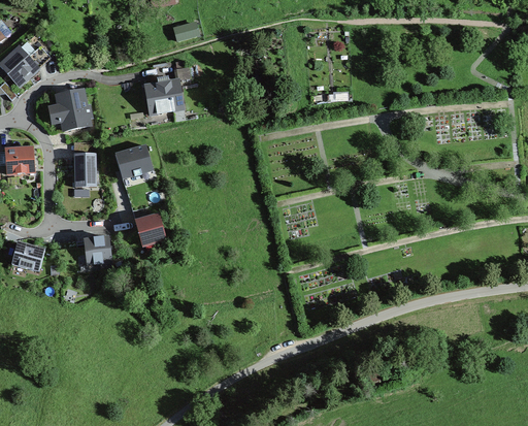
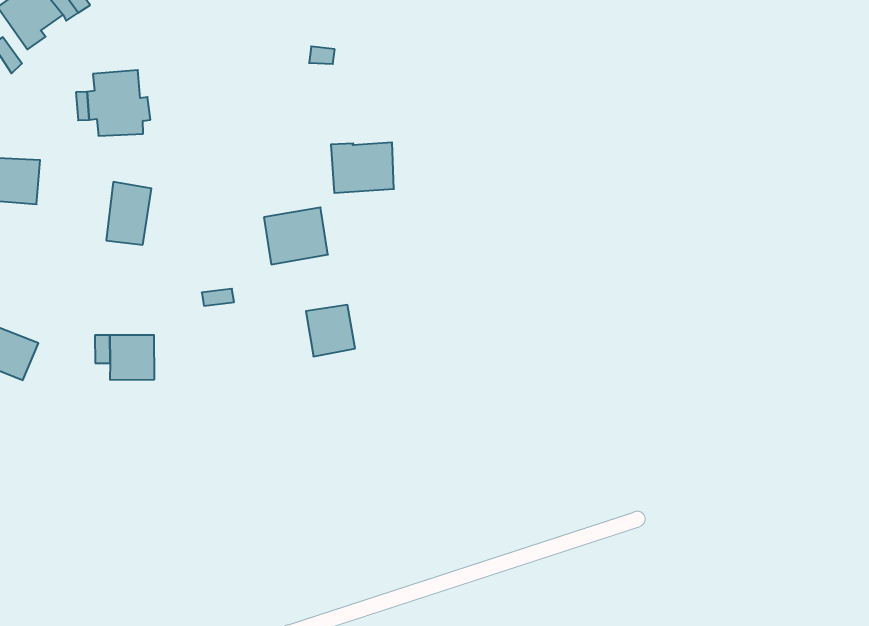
building: [144,80,183,112] -> [331,142,394,193]
building: [114,143,153,178] -> [264,207,328,264]
building: [135,214,165,244] -> [306,305,355,356]

